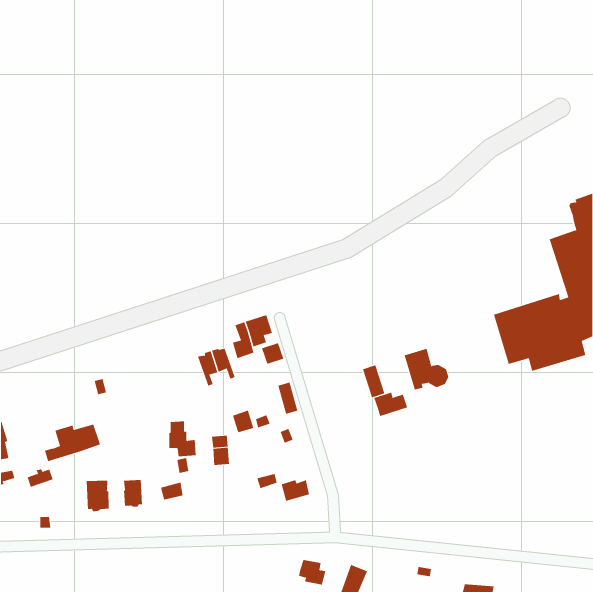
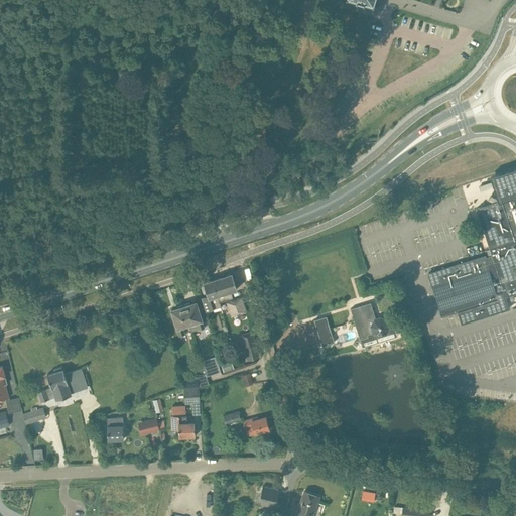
building: [374,392,408,417] -> none
building: [169,421,197,457] -> [171,406,196,437]
building: [86,480,109,512] -> none

